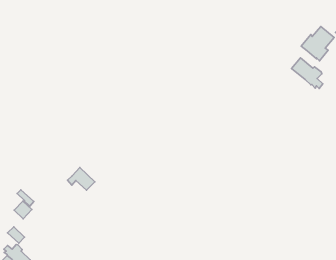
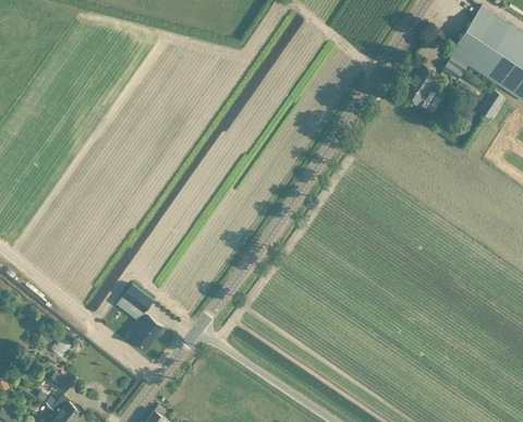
building: [292,58,323,89] -> none
building: none -> [130,315,162,350]

